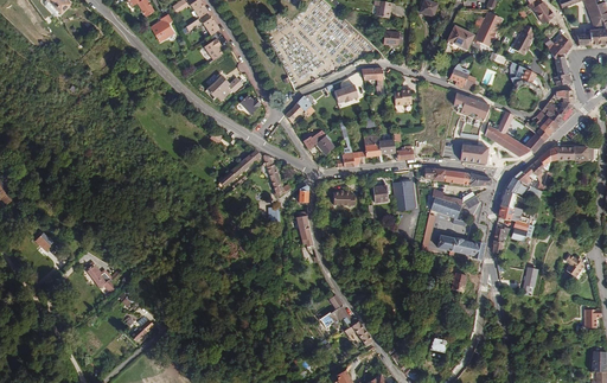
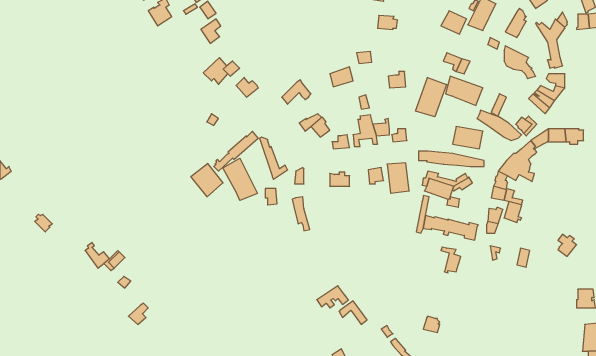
building: none -> [415,77,446,117]
building: none -> [223,158,257,200]
building: none -> [191,163,223,197]

